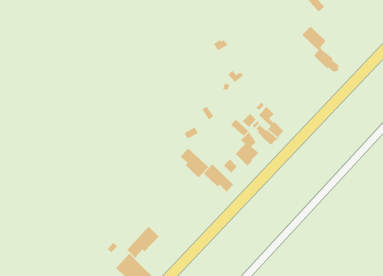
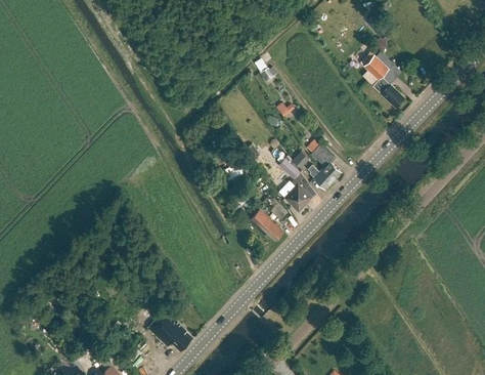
building: [180,148,209,178] -> none
building: [126,226,159,258] -> none

